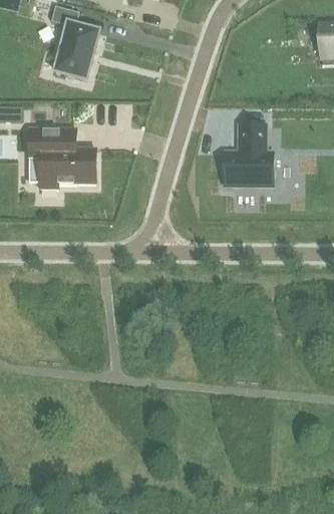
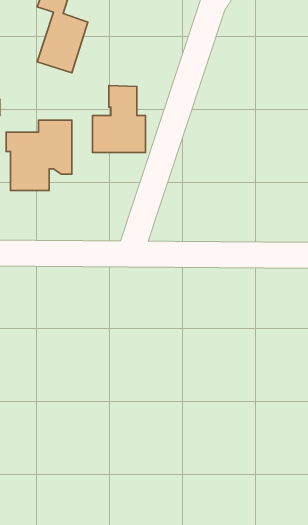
building: [220,124,269,187] -> [93,85,145,152]

